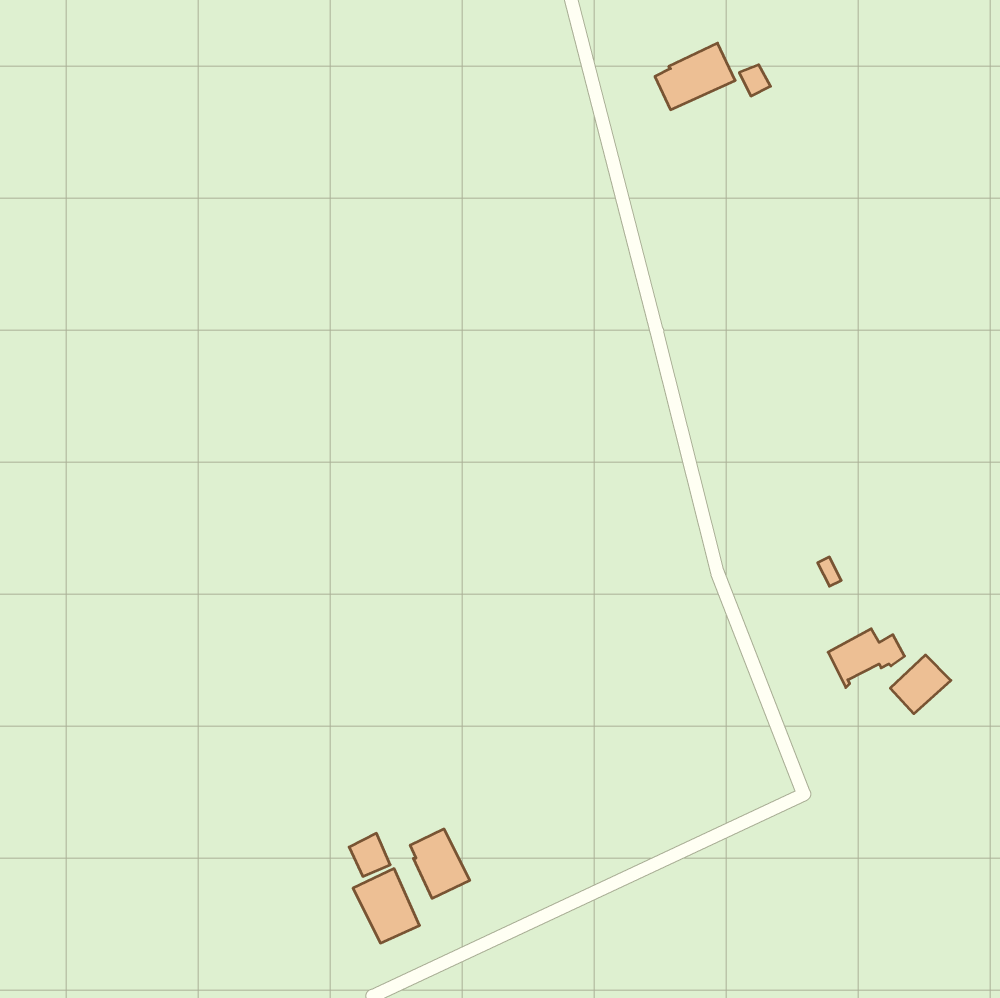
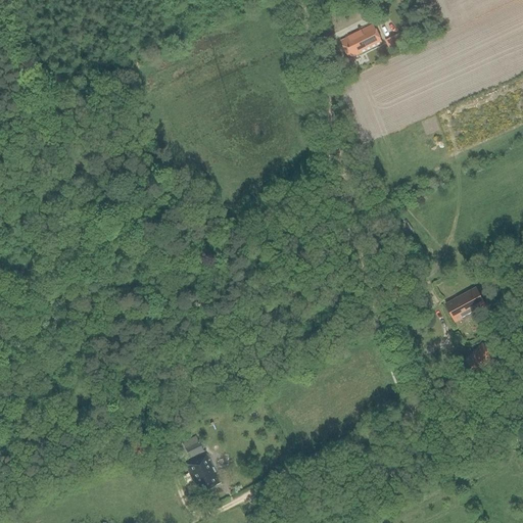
building: [828,629,905,688] -> [445,290,485,321]
building: [410,829,470,898] -> none

